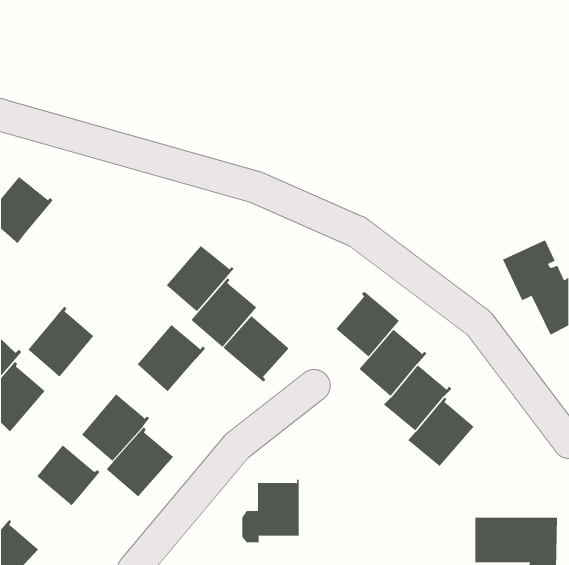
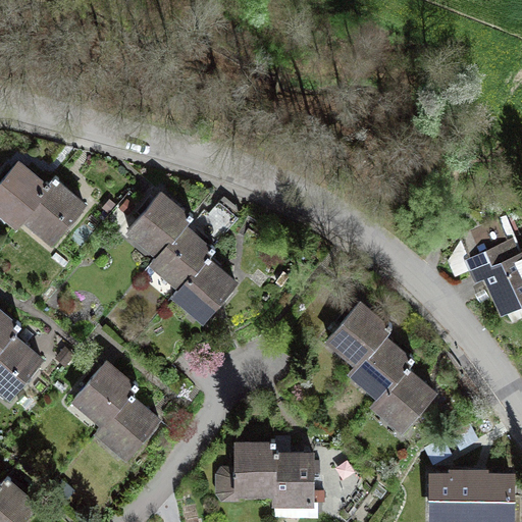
building: [335,291,400,357] -> none
building: [27,306,94,377] -> [22,179,84,245]
building: [223,315,290,382] -> none
building: [137,324,206,392] -> [129,196,193,258]
building: [37,444,100,506] -> none
building: none -> [274,453,313,505]

